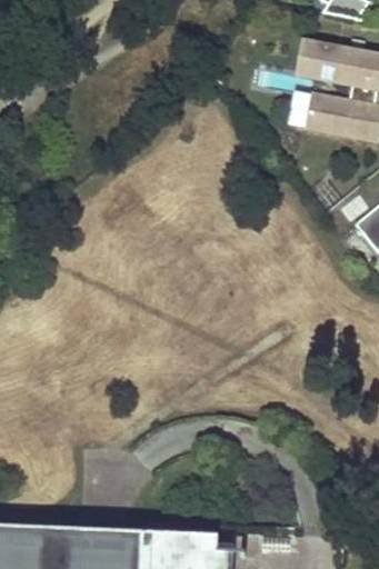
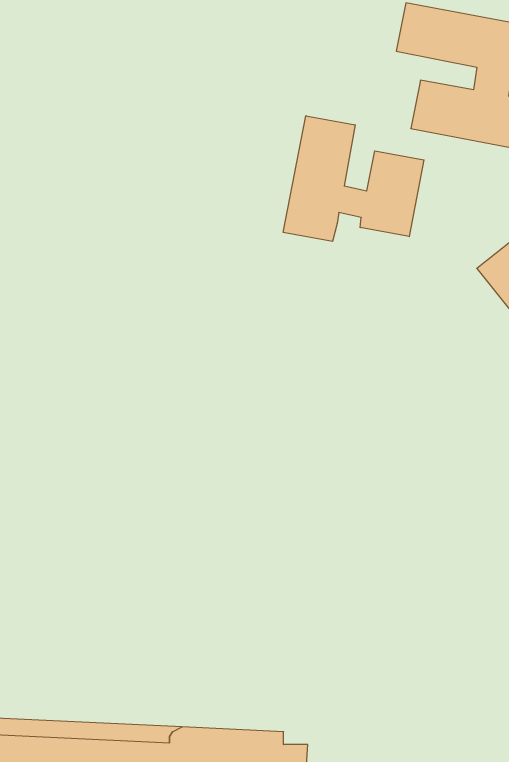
building: none -> [283,116,424,241]

